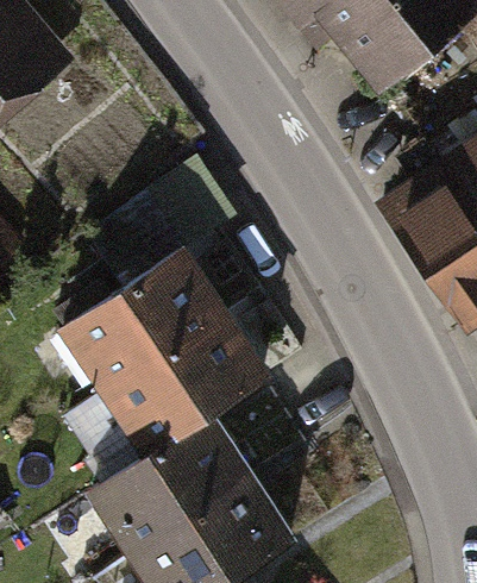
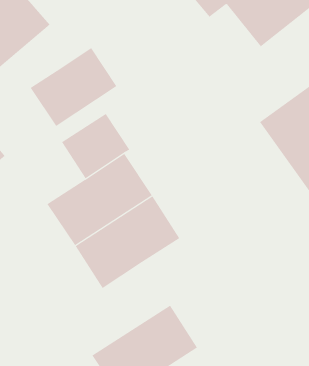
building: none -> [30,47,117,127]
building: [98,413,255,551] -> none

